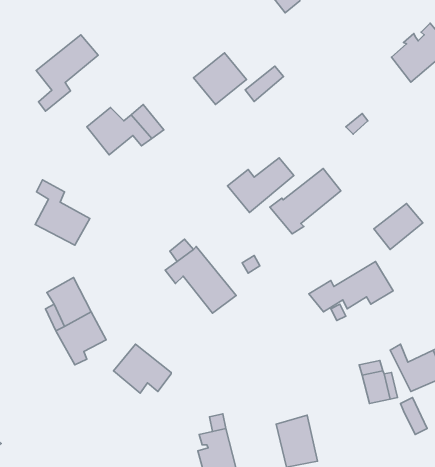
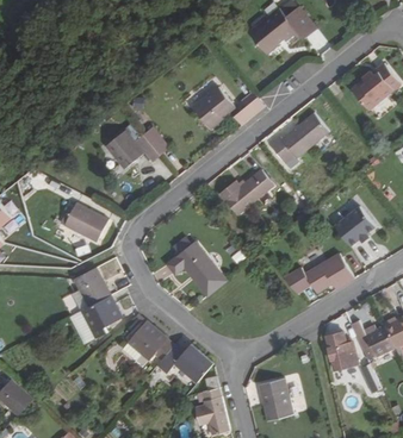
building: [36,35,98,111] -> none
building: [270,169,341,234] -> [271,113,328,165]
building: none -> [157,344,212,381]

